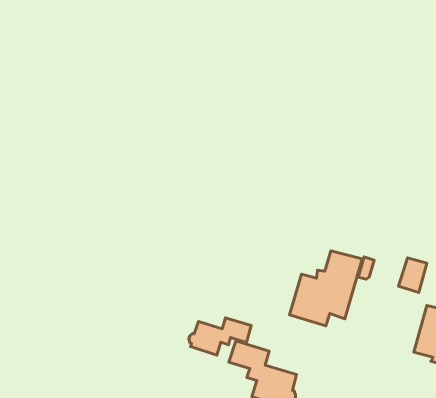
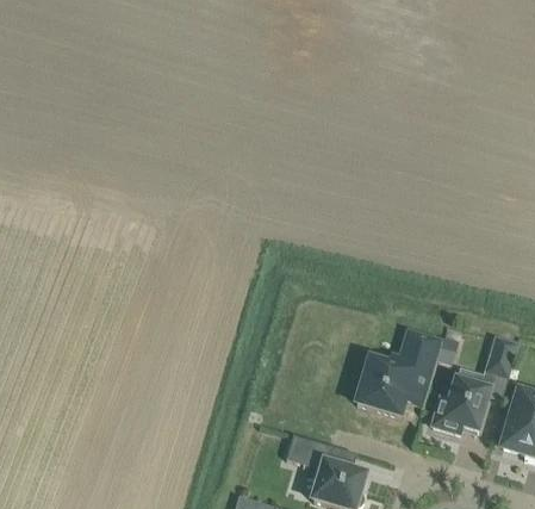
building: none -> [433,373,494,434]
building: [189,318,251,355] -> none

